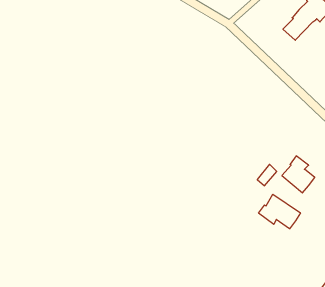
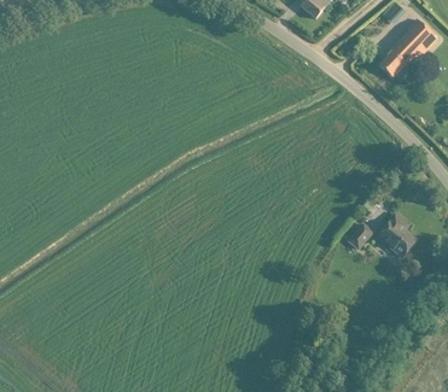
building: [259,194,300,229] -> none

